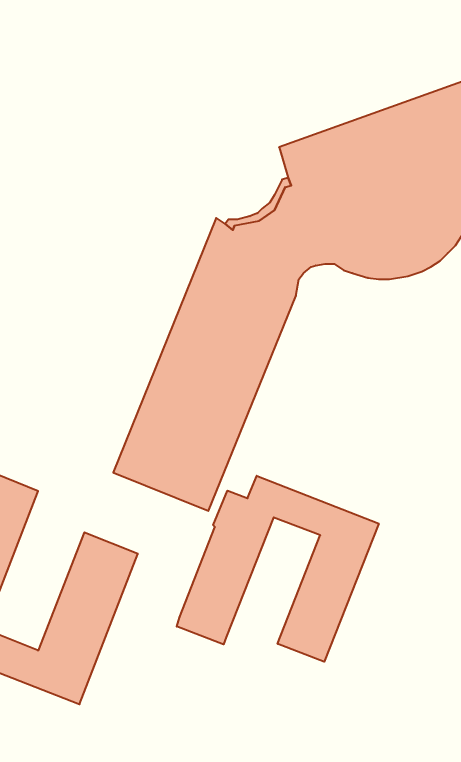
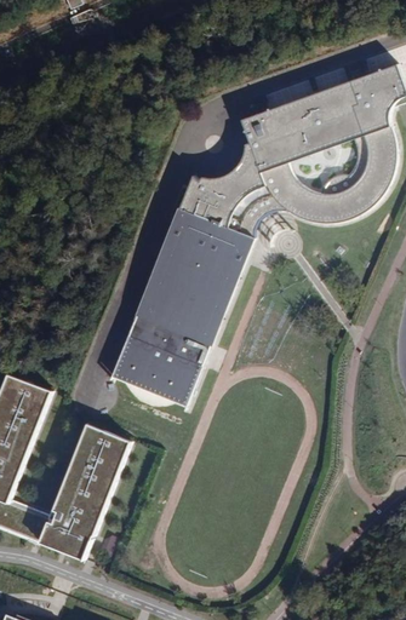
building: [177,476,379,662] -> none

